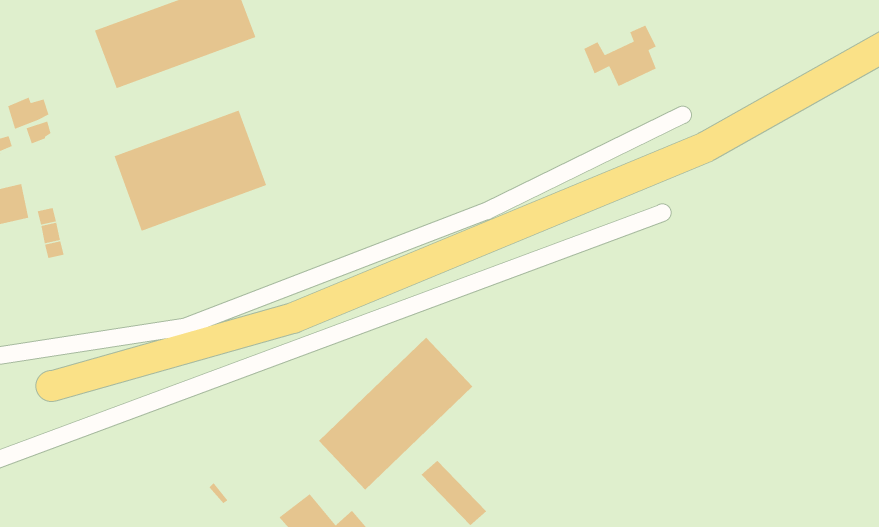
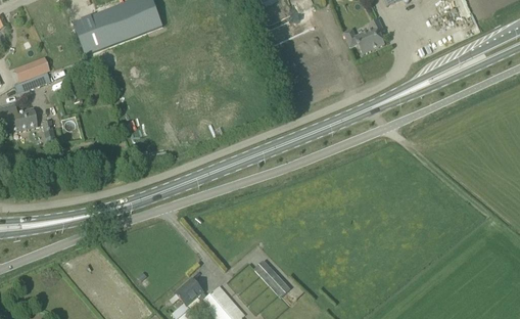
building: [113,109,267,232] -> none
building: [318,337,473,490] -> none

